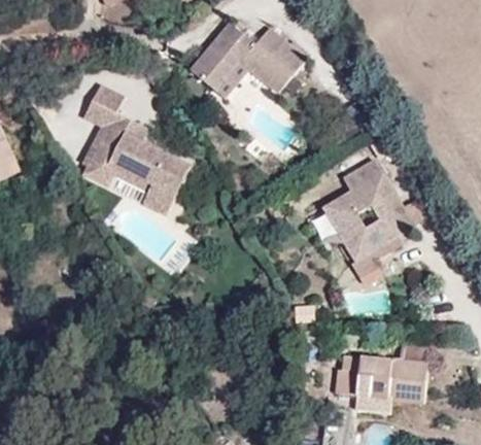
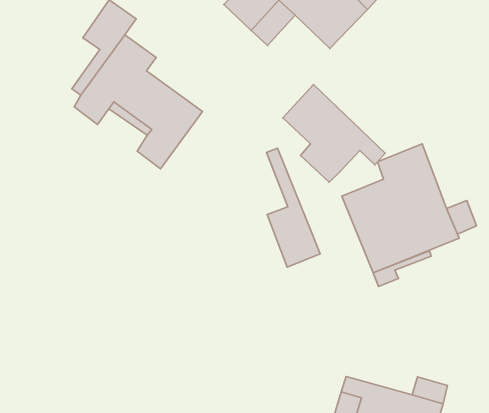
building: none -> [283,84,385,182]
building: none -> [266,148,320,267]

